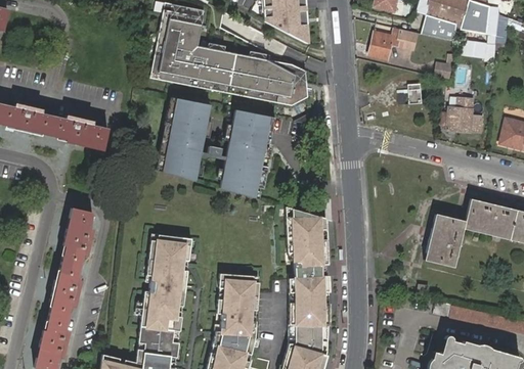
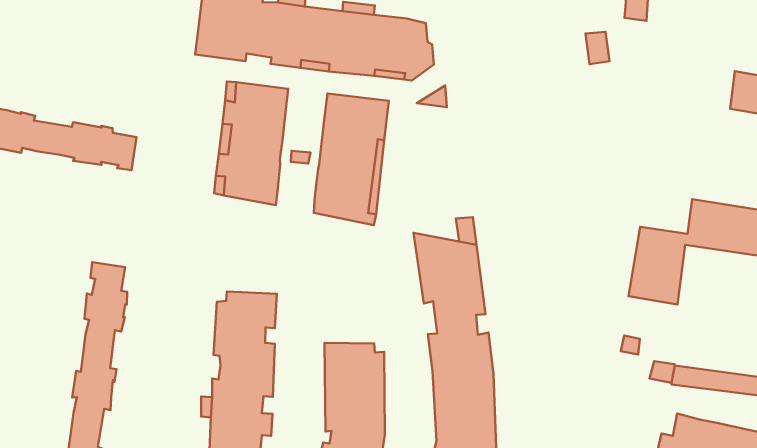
building: [447,98,482,132] -> none

